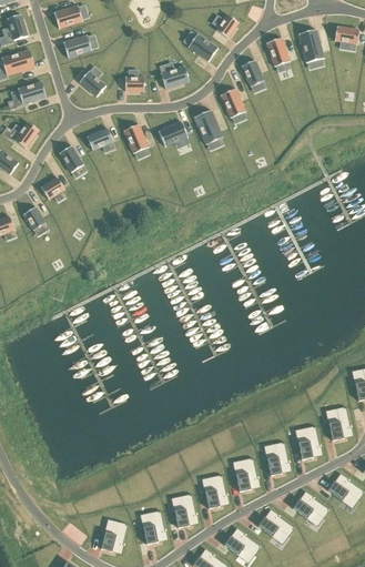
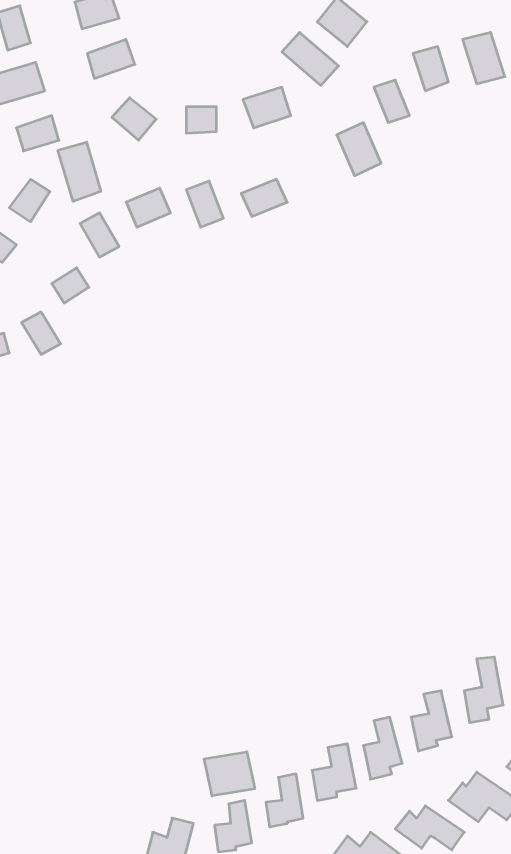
building: none -> [58,142,101,201]
building: [193,109,221,143] -> none
building: none -> [204,752,255,796]

